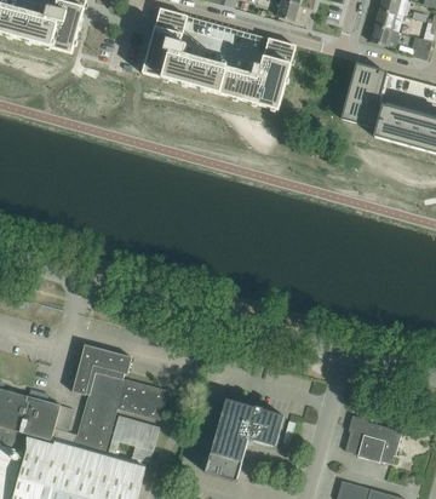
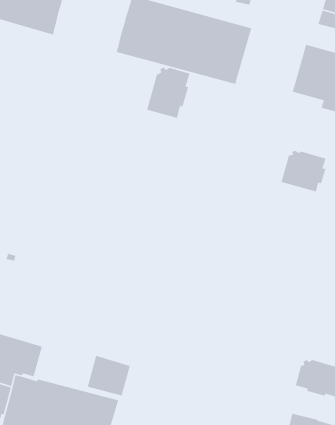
building: none -> [146,66,190,119]
building: none -> [281,150,326,192]
building: [73,344,167,451] -> none
building: [206,398,285,481] -> none

